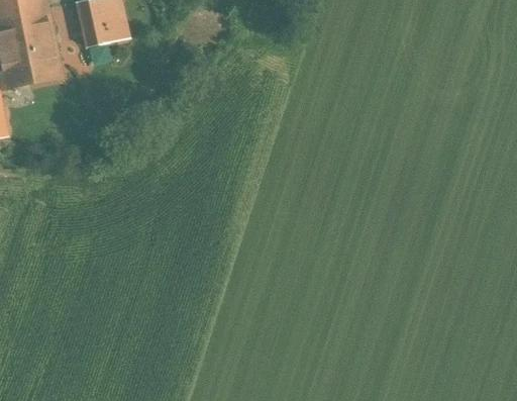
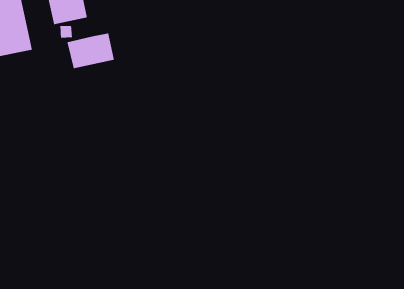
building: none -> [67,32,115,69]

